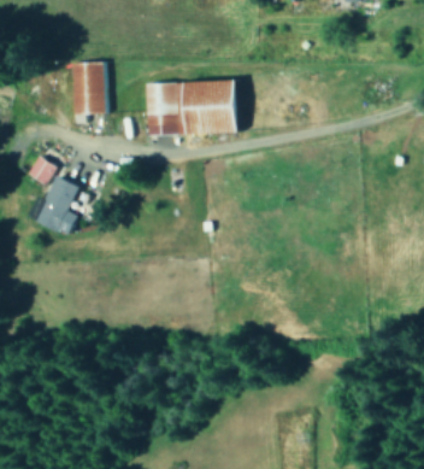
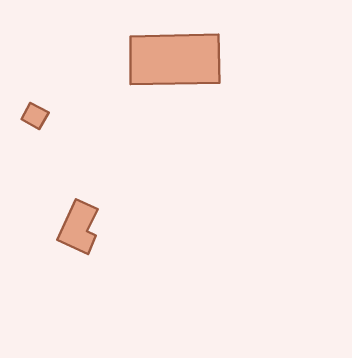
building: [72,61,106,113] -> none
building: [36,175,81,235] -> [57,199,98,254]

